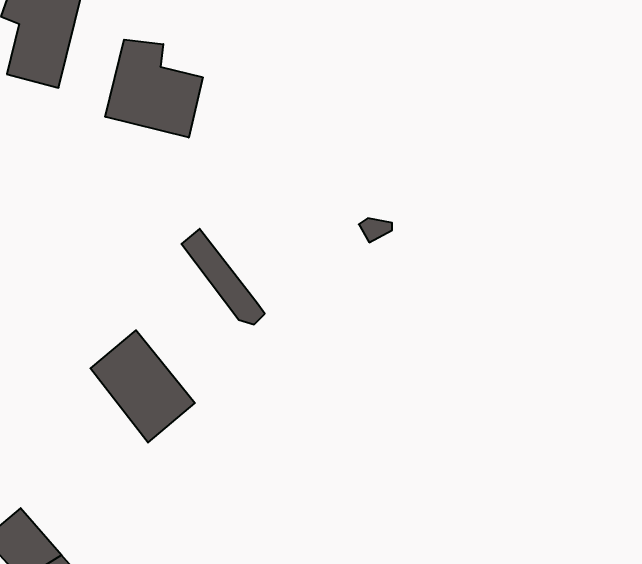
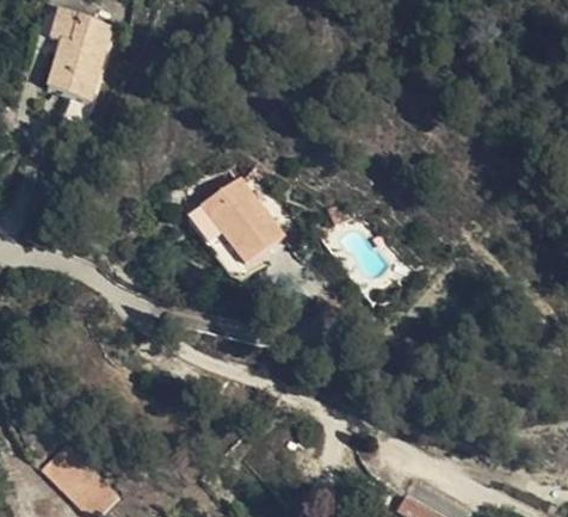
building: [105,40,203,138] -> none
building: [90,330,195,443] -> [205,184,288,272]

